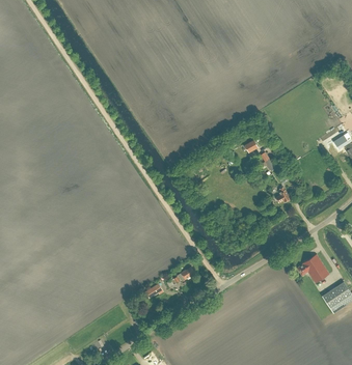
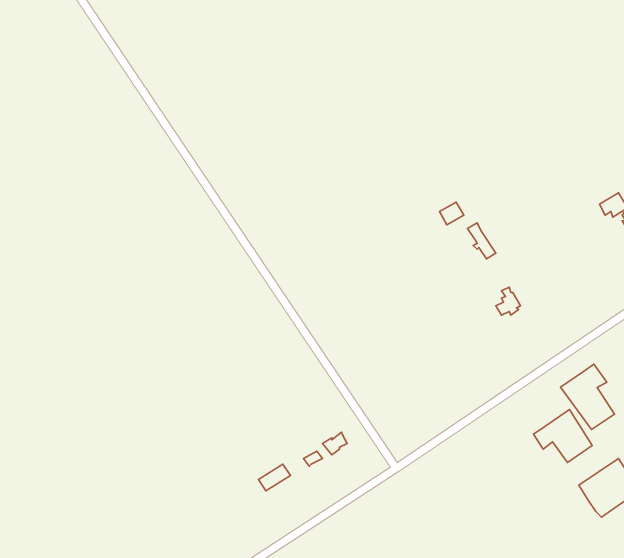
building: none -> [561,364,614,430]

